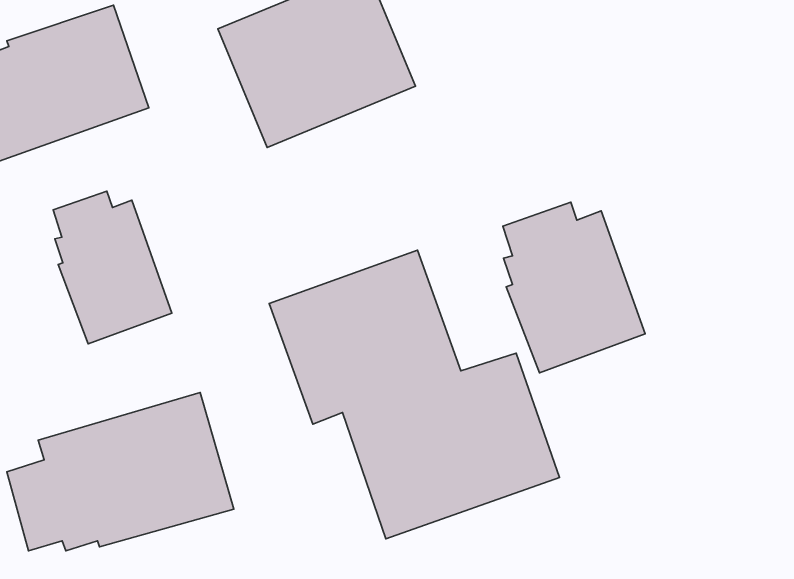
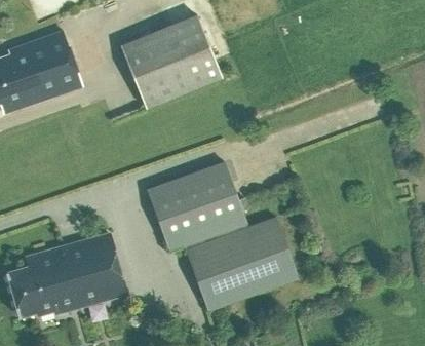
building: [53,191,172,344] -> none
building: [503,202,645,373] -> none

